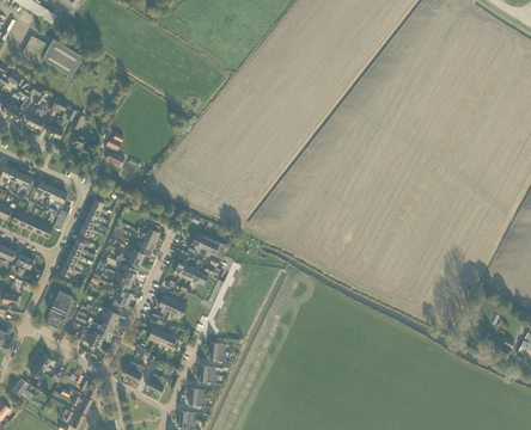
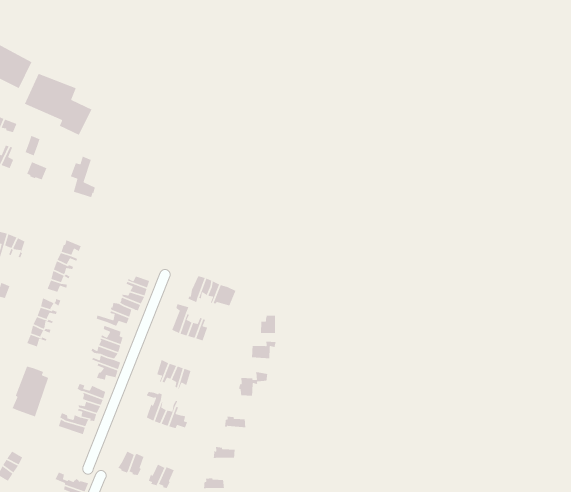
building: none -> [24,73,92,136]

